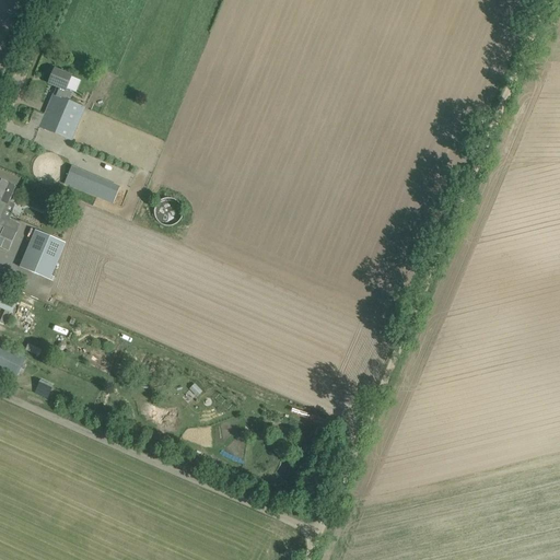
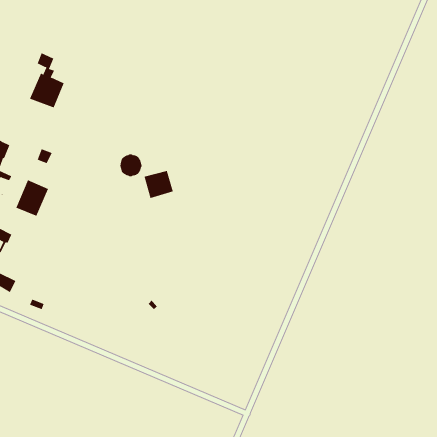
building: [62,165,117,201] -> none
building: none -> [144,170,174,199]

